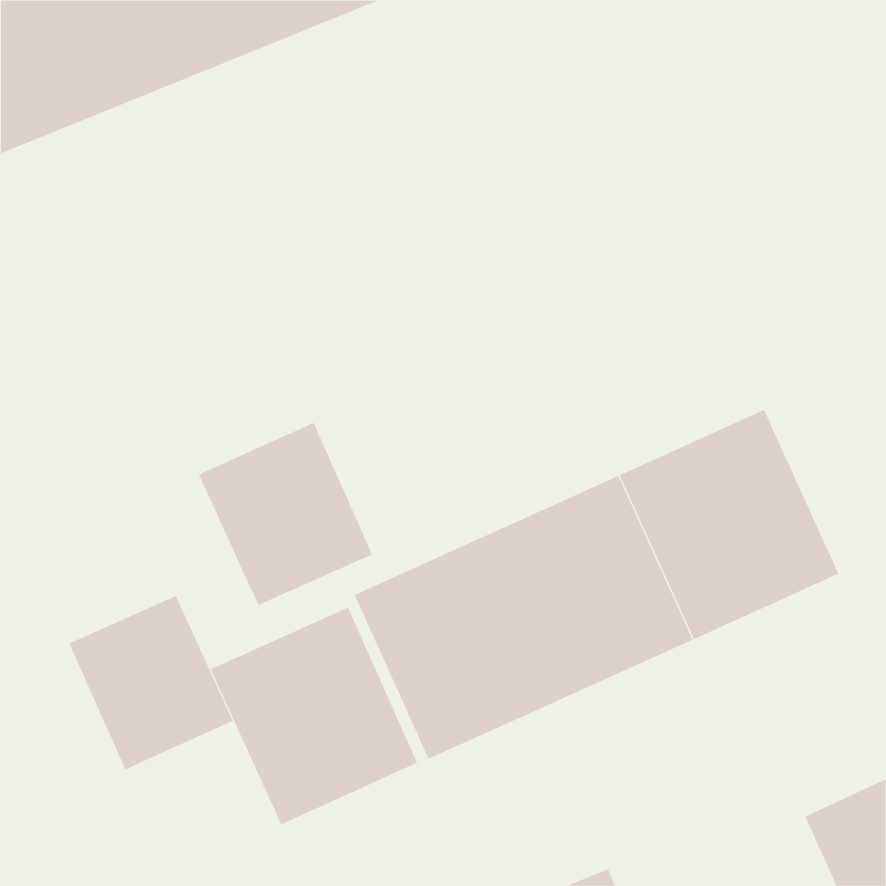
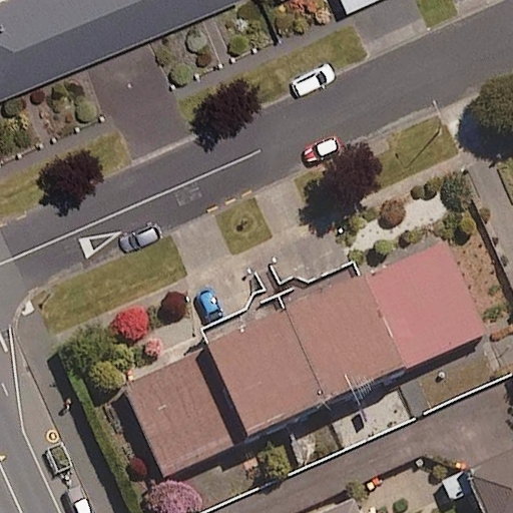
building: [198,422,373,606] -> none
building: [69,595,233,770] -> none

